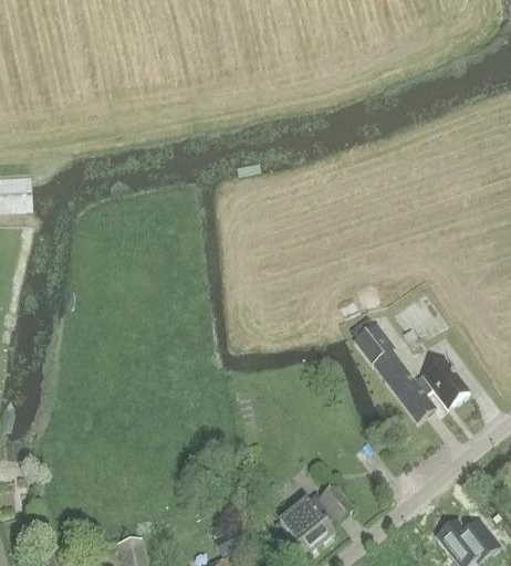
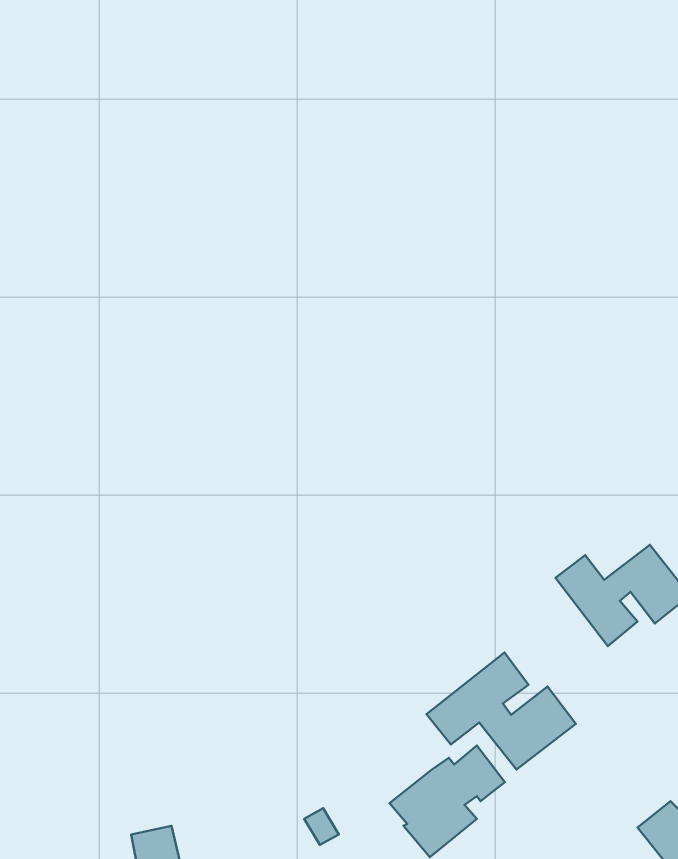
building: [352,321,394,363] -> none
building: none -> [427,652,576,769]

